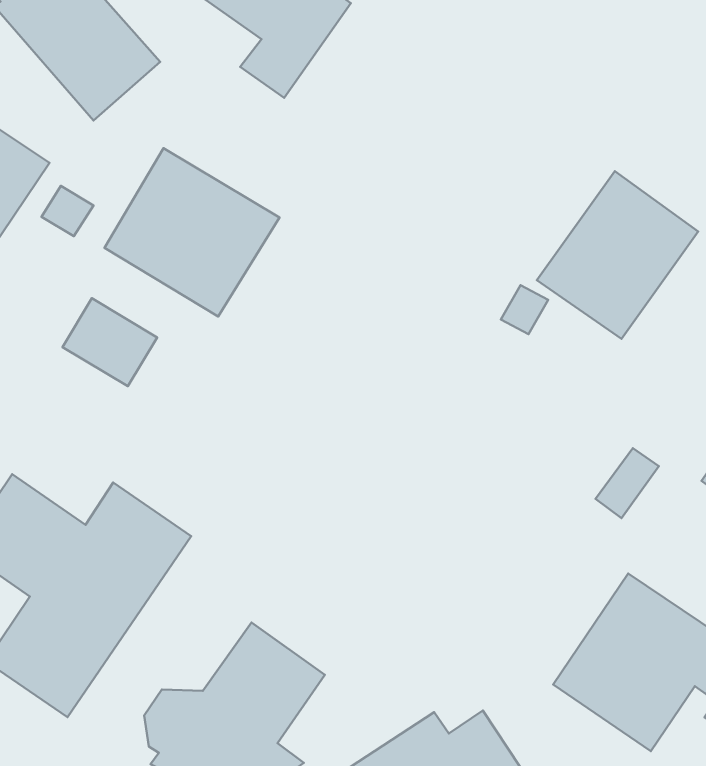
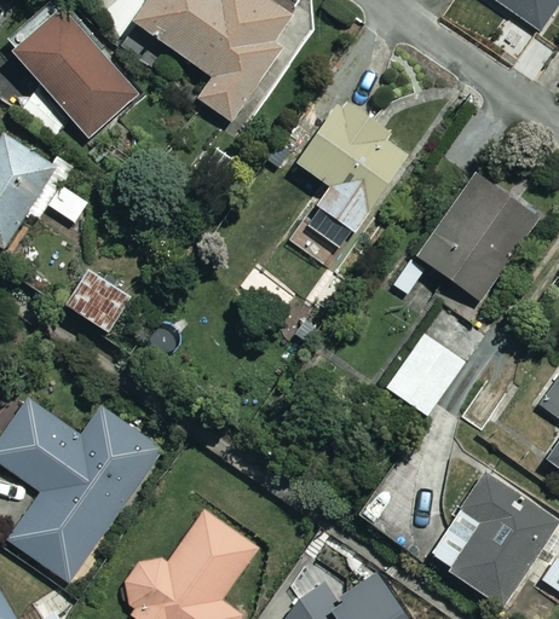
building: none -> [296,99,419,248]
building: [105,148,279,316] -> none
building: none -> [387,334,466,416]

